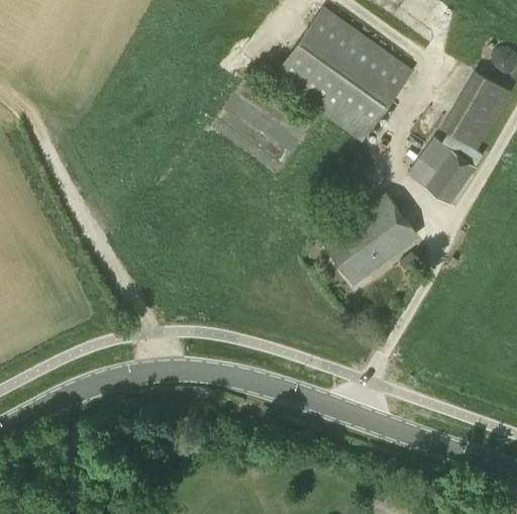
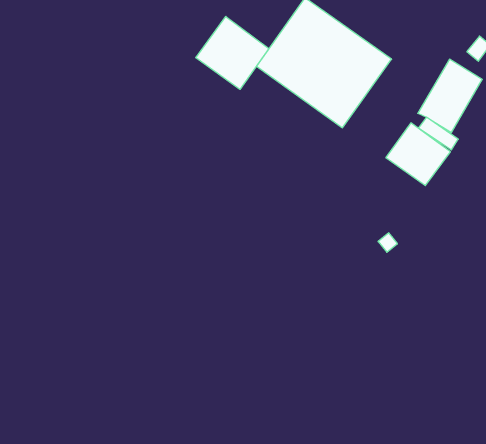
building: none -> [196,16,269,89]
building: [324,193,417,280] -> none

